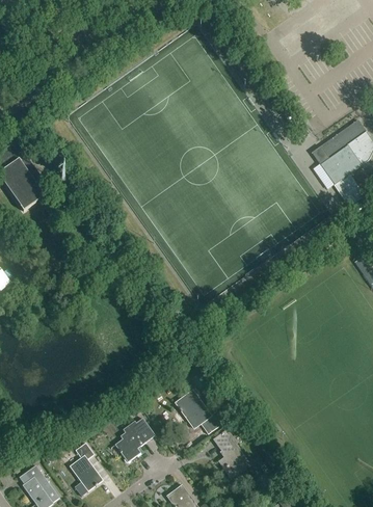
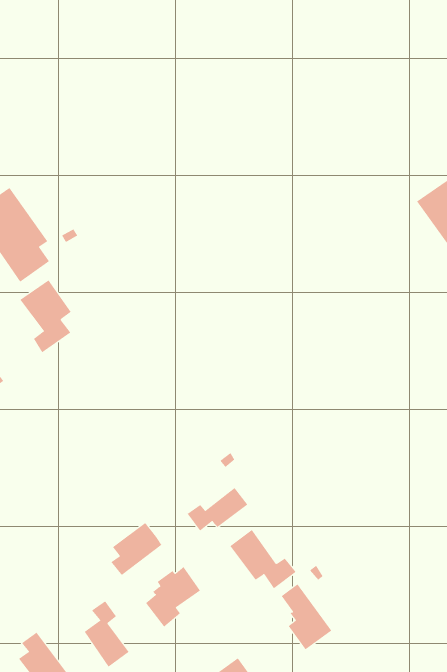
building: none -> [20,279,71,353]
building: none -> [187,487,248,531]
building: none -> [111,522,162,576]

